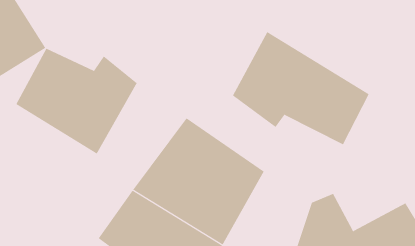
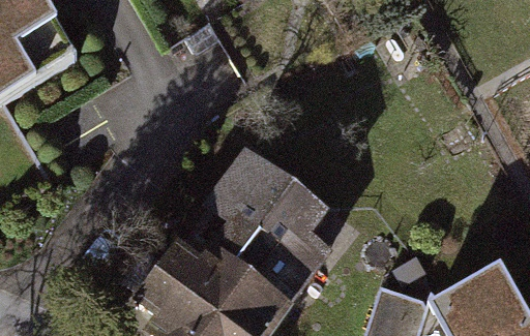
building: [232,31,370,145] -> none
building: [15,48,137,155] -> none

